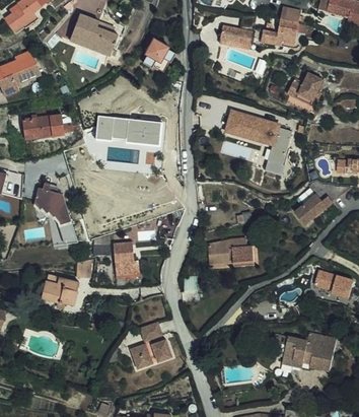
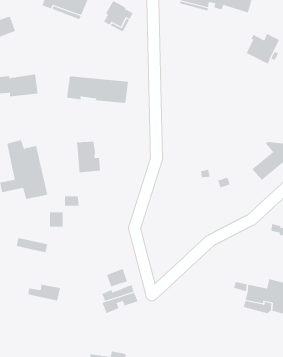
building: [224,112,290,173] -> none
building: [210,240,252,266] -> none
building: [113,244,139,277] -> [76,141,101,173]
building: [44,277,79,295] -> [27,284,61,301]

